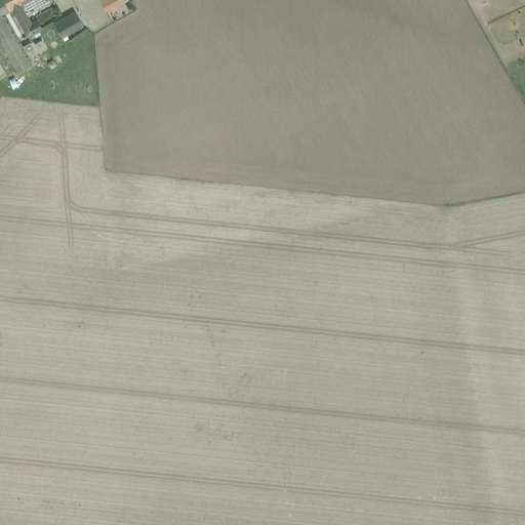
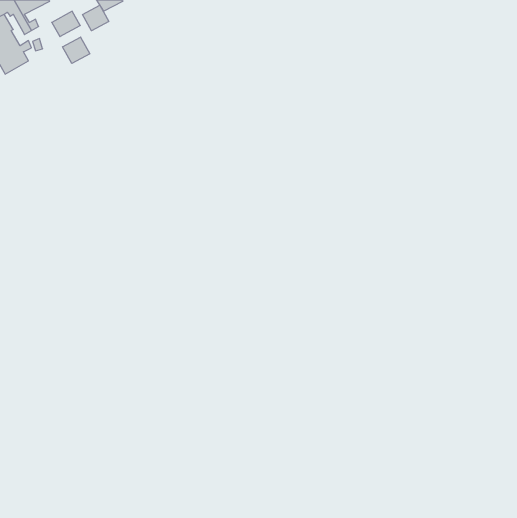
building: none -> [83,5,109,31]
building: none -> [63,37,90,63]

